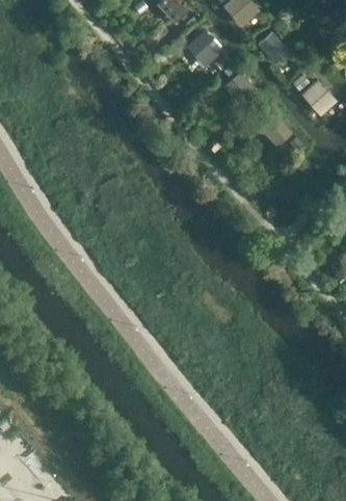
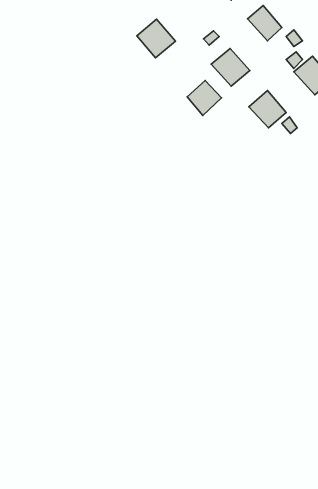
building: [188,31,224,68] -> [137,19,175,58]
building: none -> [187,80,221,115]

